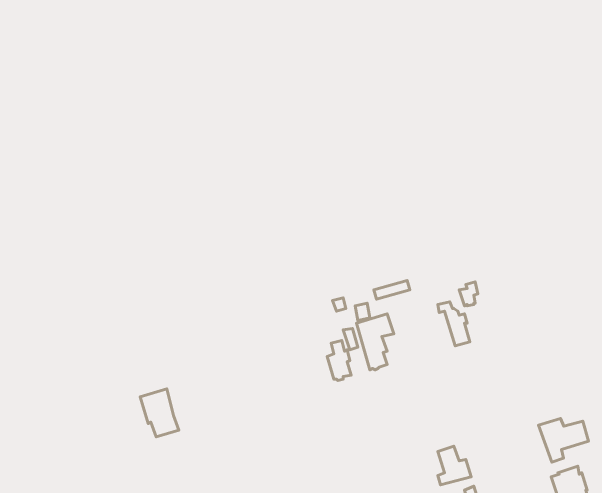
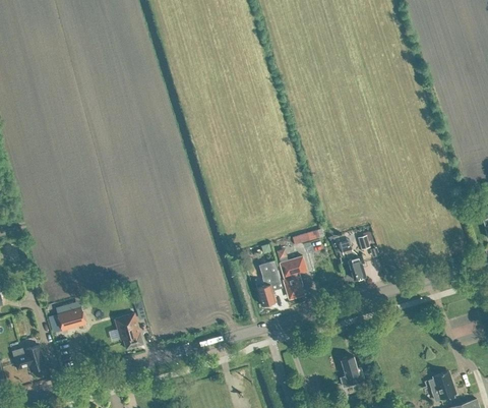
building: none -> [59,305,88,329]
building: [539,418,588,462] -> none
building: none -> [13,345,47,371]

